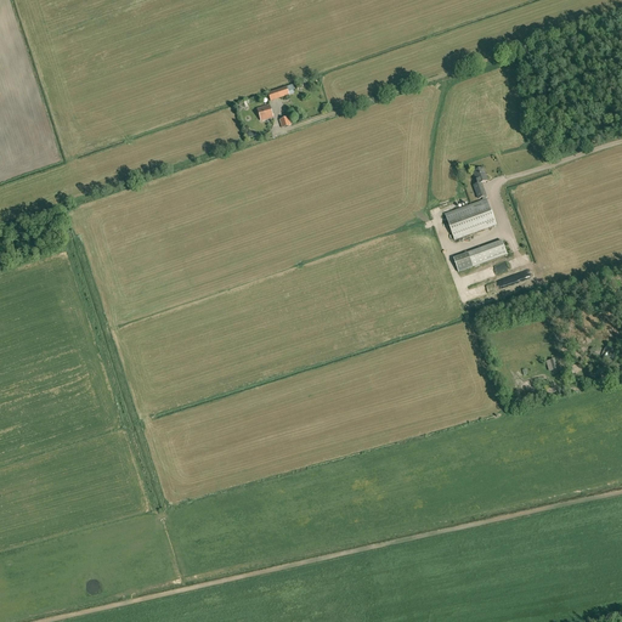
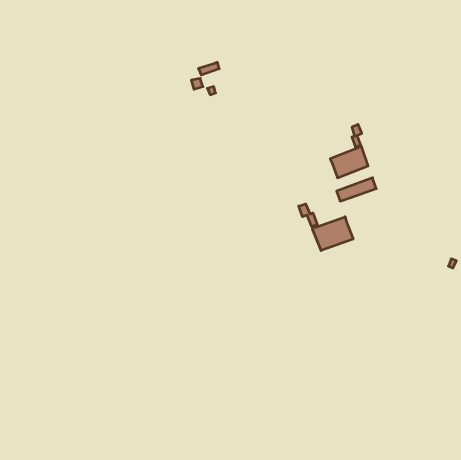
building: none -> [299,204,353,251]

